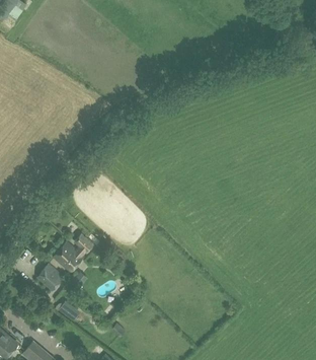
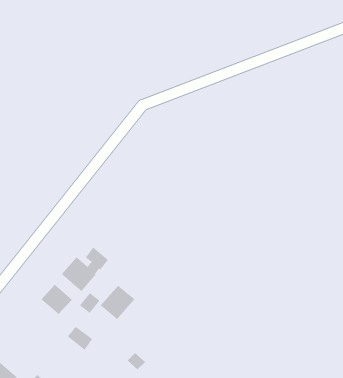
building: none -> [100,285,135,320]

